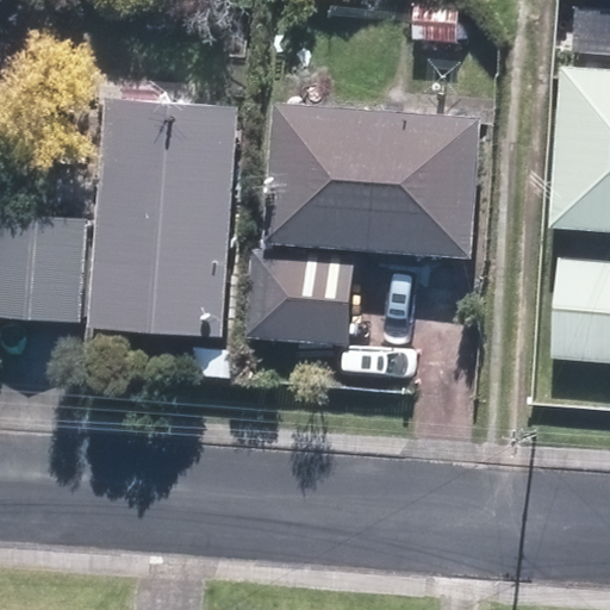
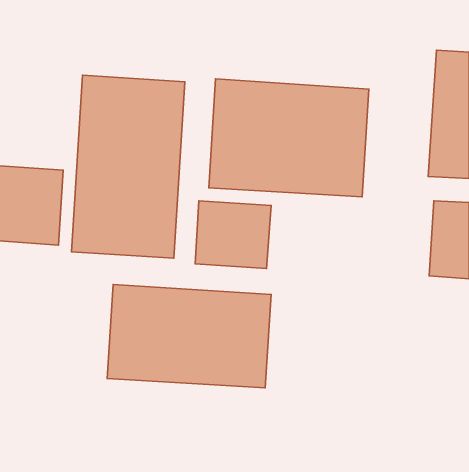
building: none -> [107,284,271,388]

